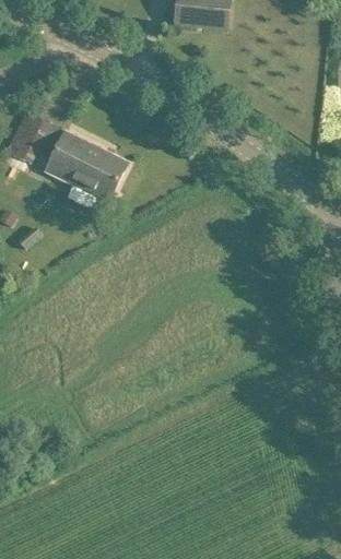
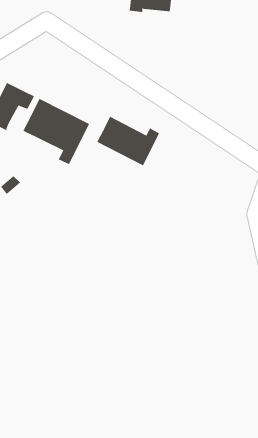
building: none -> [97,116,160,166]

